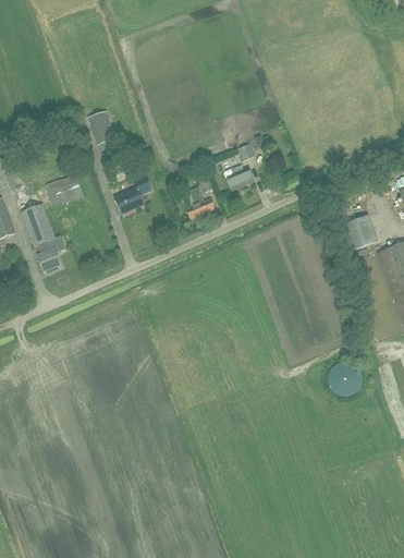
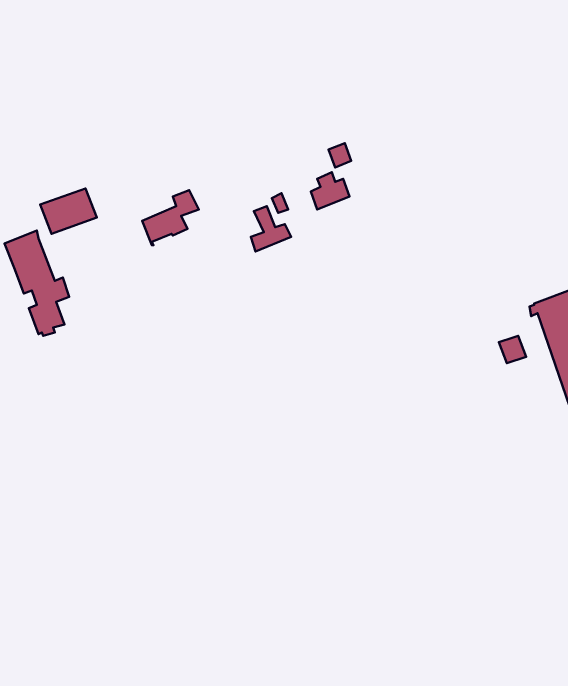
building: [89,111,115,143] -> none
building: [342,215,377,251] -> none
building: [329,361,363,396] -> none

